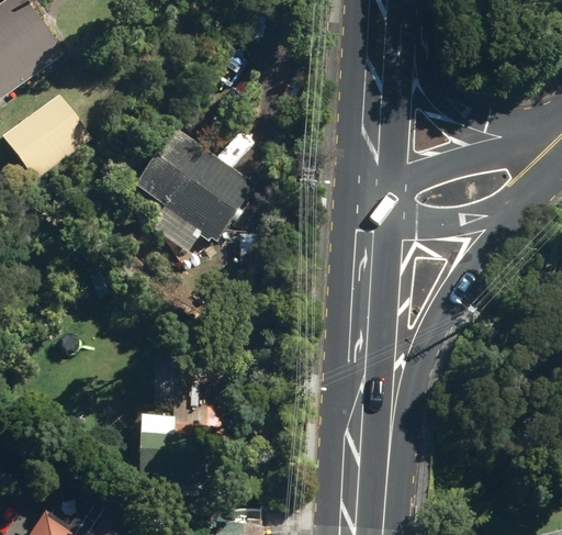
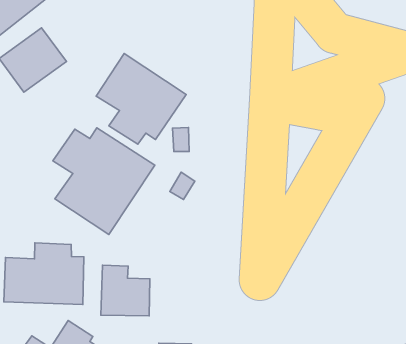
building: none -> [53,128,155,235]
building: none -> [4,243,84,304]

